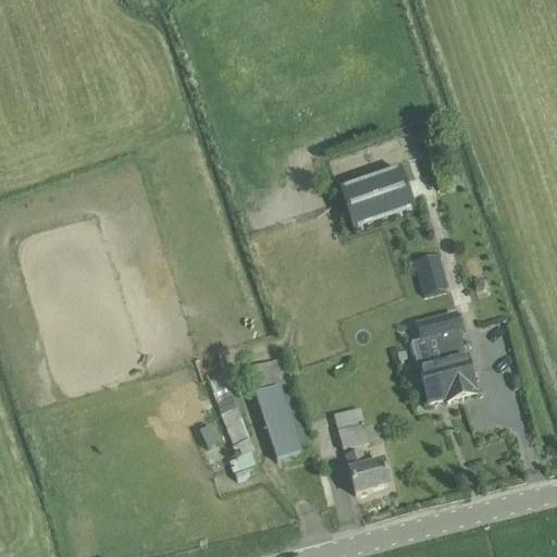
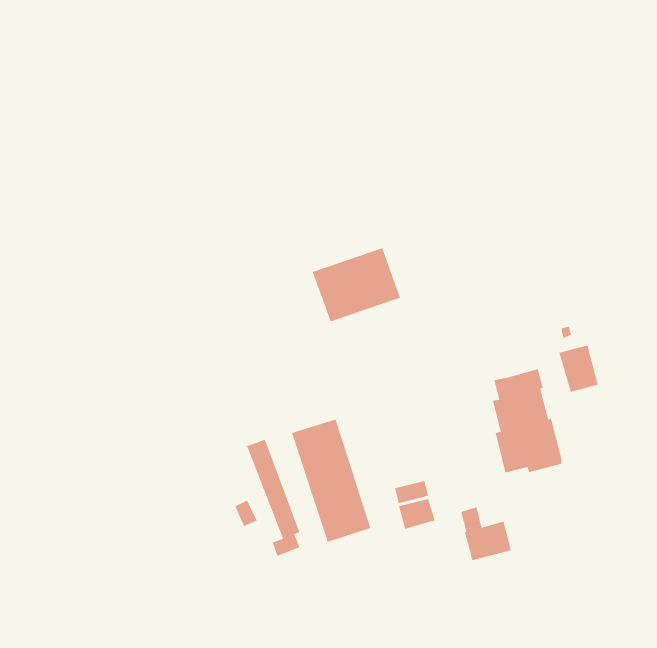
building: [338,168,413,231] -> [312,247,401,322]
building: [413,252,447,293] -> [559,345,599,392]
building: [345,446,388,492] -> [460,507,512,561]

